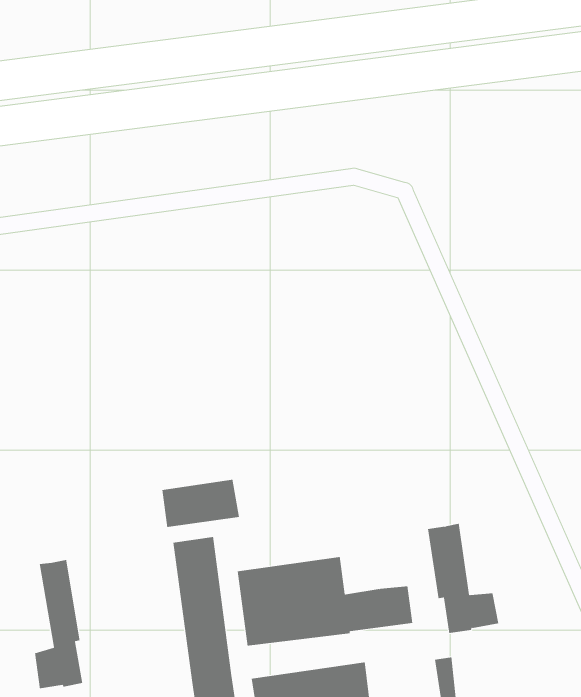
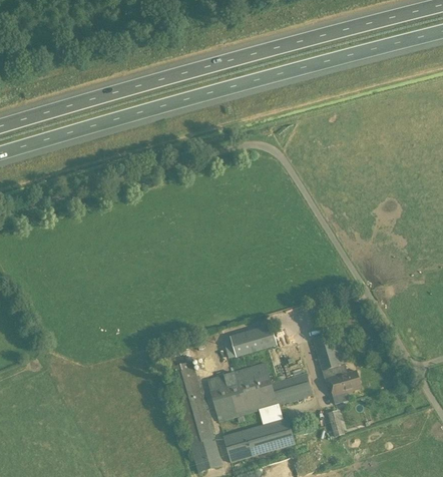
building: [161,479,240,527] -> [231,323,278,356]
building: [35,559,83,689] -> none

